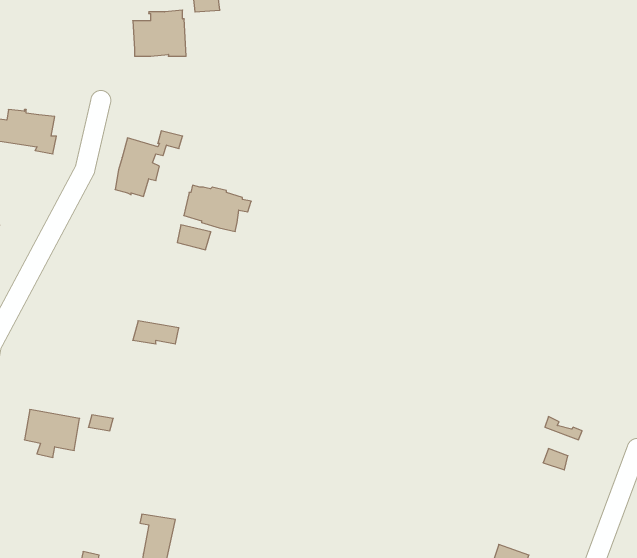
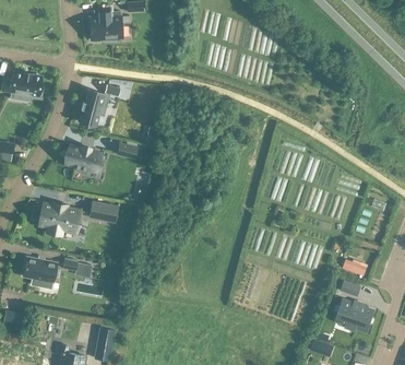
building: [184,185,251,231] -> [64,145,106,174]
building: none -> [39,203,80,233]
building: none -> [336,301,373,330]

